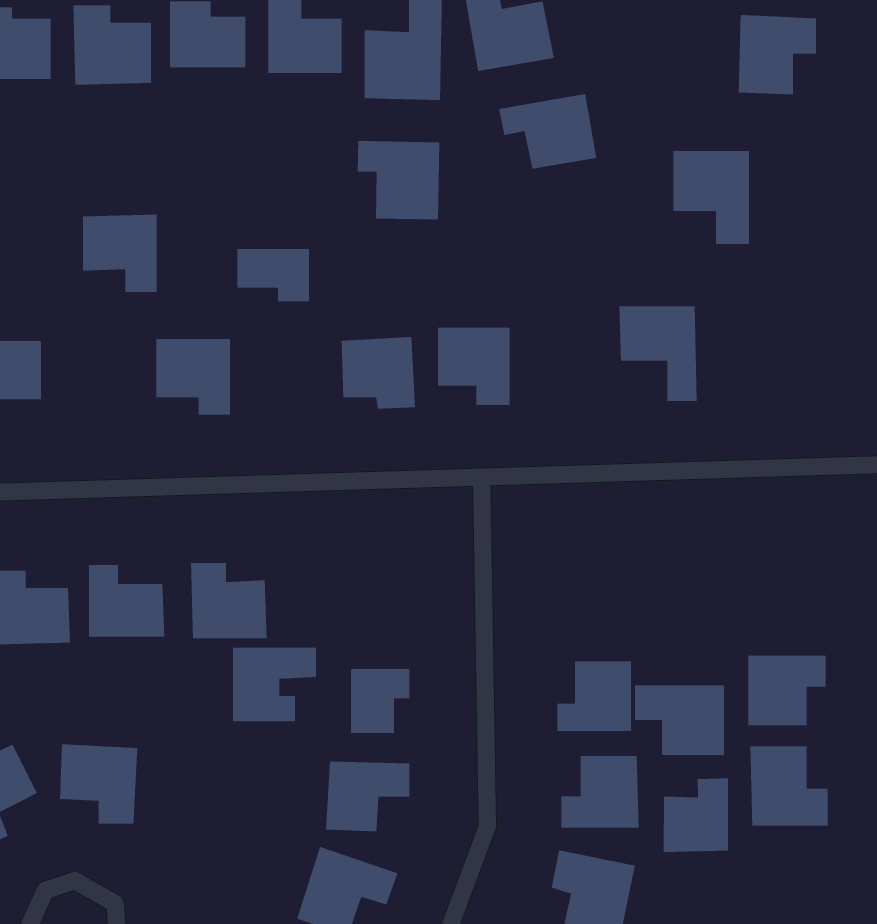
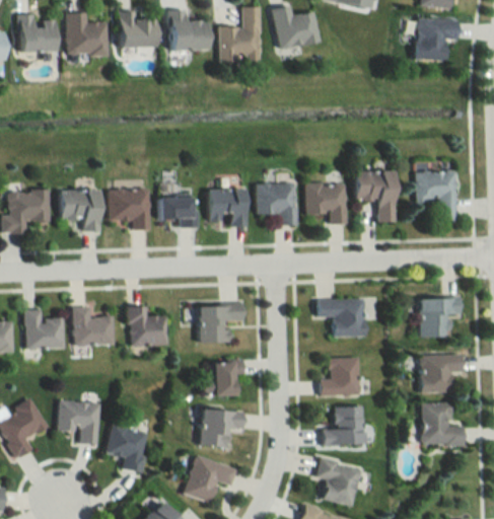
building: [498,93,597,169] -> none
building: [357,140,440,220] -> none
building: [673,150,750,245] -> [416,171,456,221]
building: [82,214,157,293] -> [60,190,99,231]
building: [237,248,310,302] -> [158,198,197,226]
building: none -> [305,182,347,224]
building: none -> [419,298,461,337]
building: [232,647,317,722] -> [198,304,242,344]
building: [634,684,725,756] -> [319,299,366,337]
building: [663,777,729,853] -> none
building: none -> [108,425,149,473]

